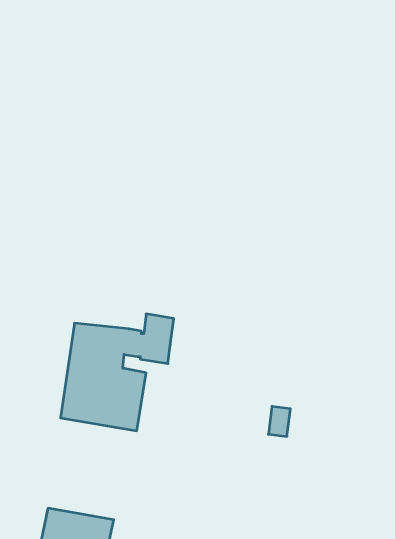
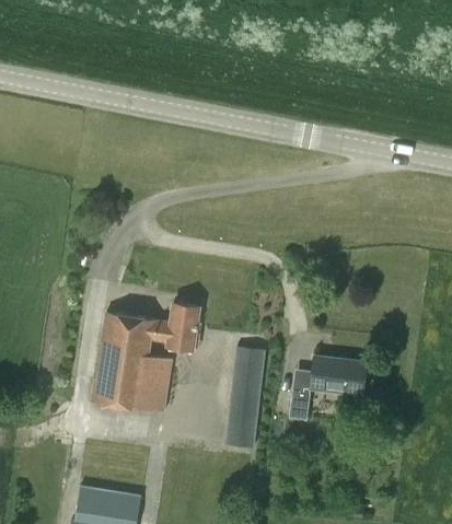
building: none -> [224,346,266,450]
building: none -> [311,356,367,395]

